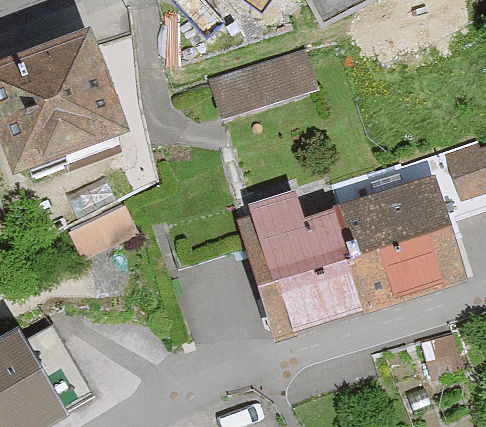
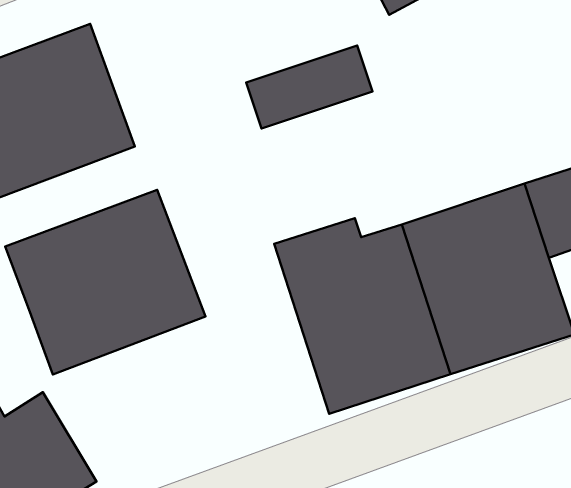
building: none -> [5,190,206,375]

